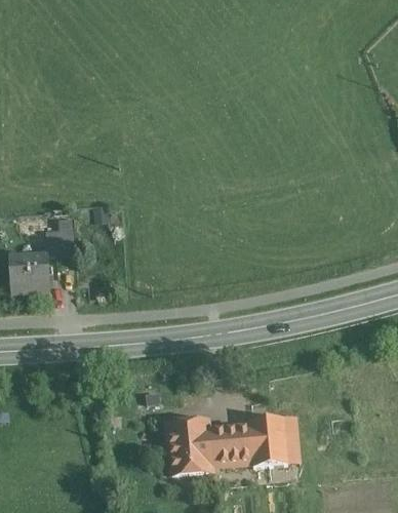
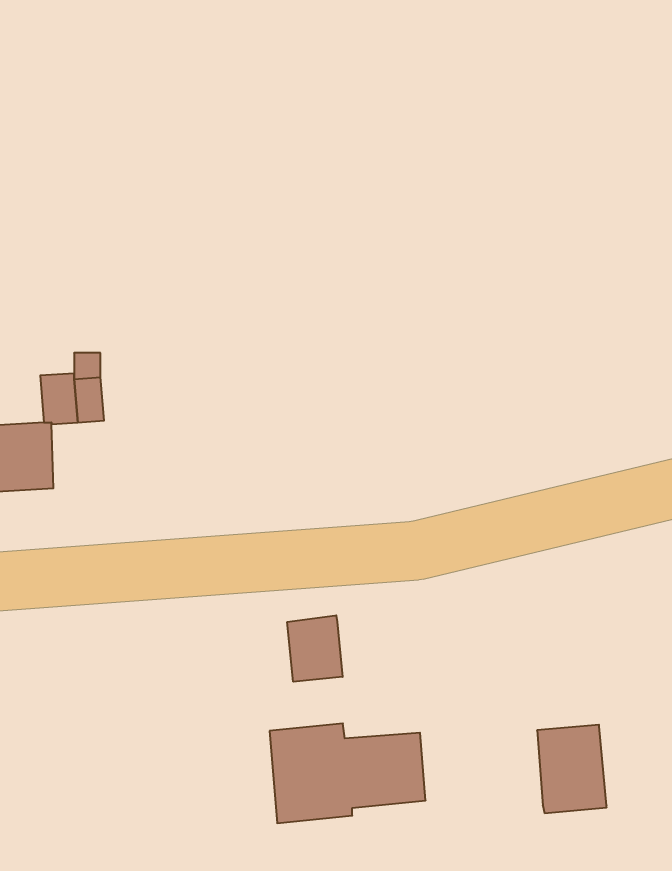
building: none -> [287,615,343,682]
building: [249,416,287,464] -> [537,725,607,813]

